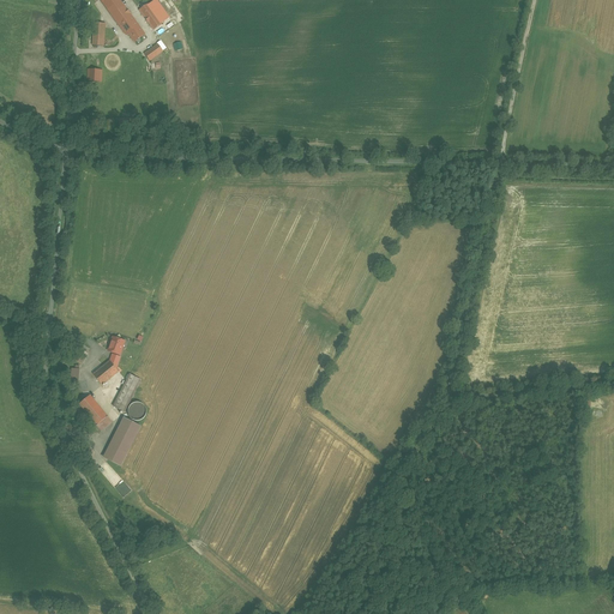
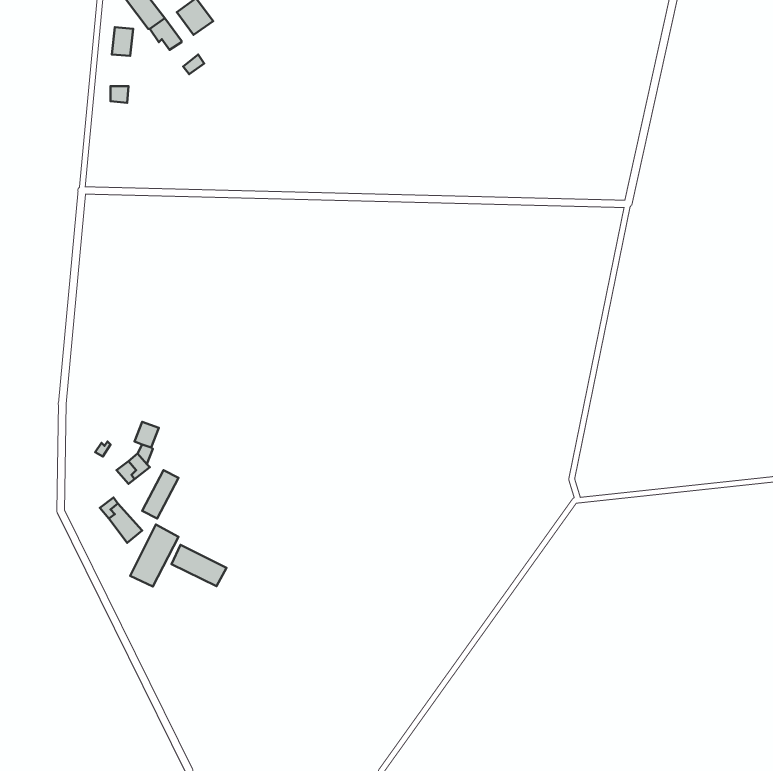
building: none -> [172,545,226,586]

